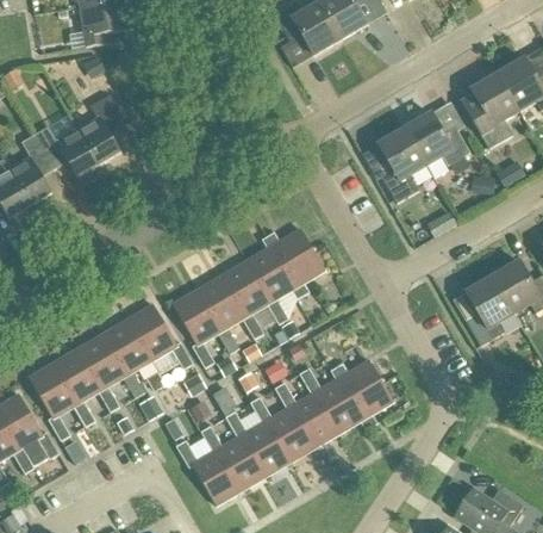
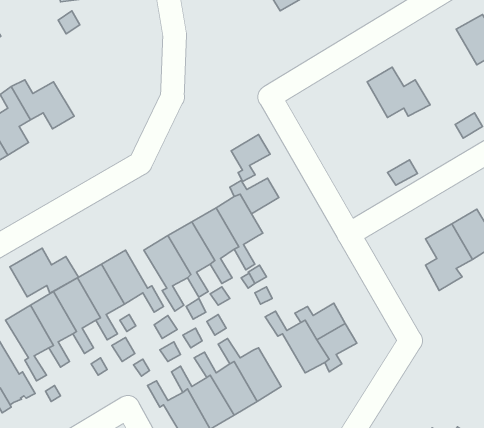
building: [460,74,518,148] -> none
building: [77,94,126,165] -> none
building: [377,129,425,203] -> none
building: [283,249,324,298] -> [231,135,270,182]
building: none -> [10,248,79,297]
building: [274,382,339,446] -> none

